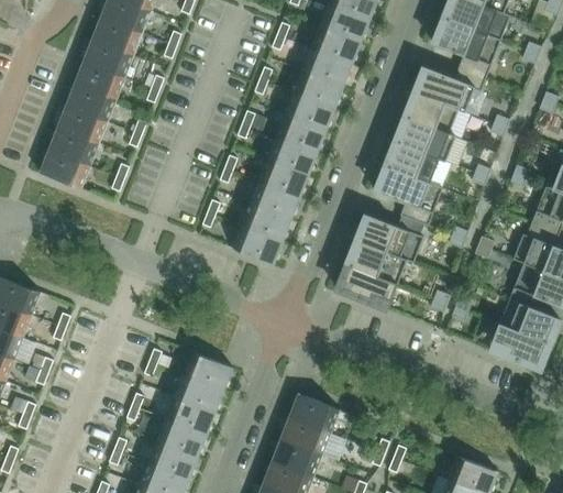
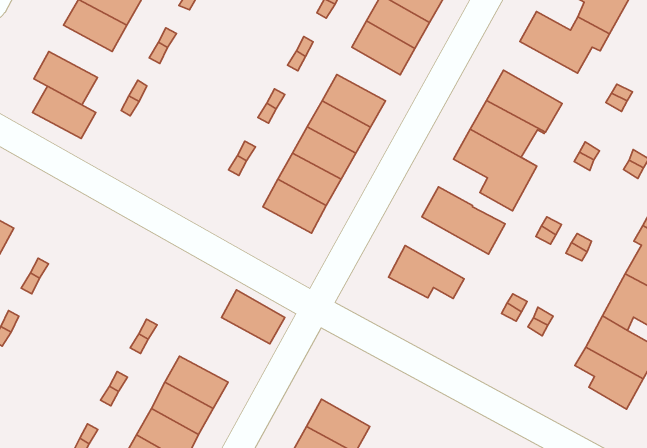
building: [405,92,463,136] -> none
building: [275,114,324,153] -> none
building: [47,128,97,165] -> [33,86,96,139]
building: [346,240,412,284] -> none
building: [181,351,231,390] -> [221,290,285,344]

